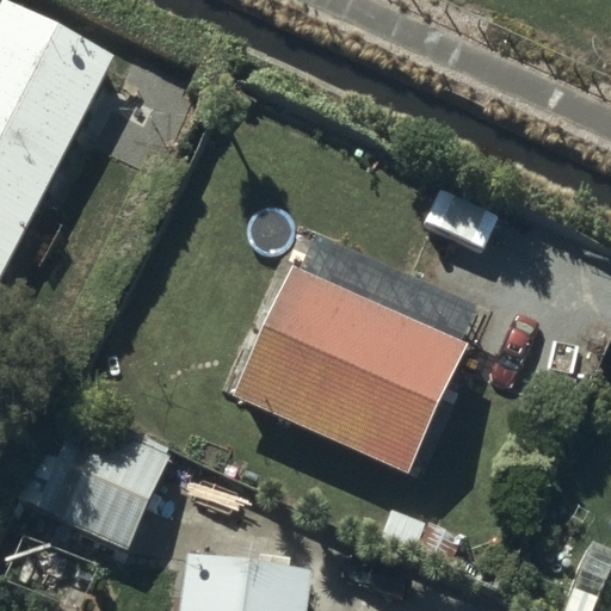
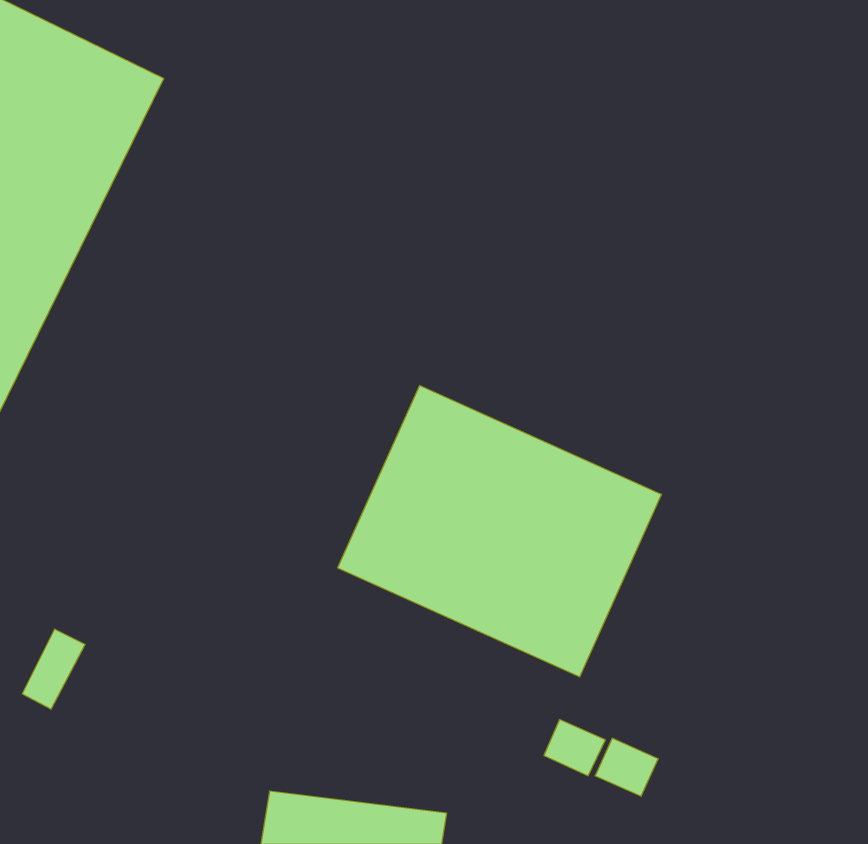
building: [37,411,169,545] -> none

